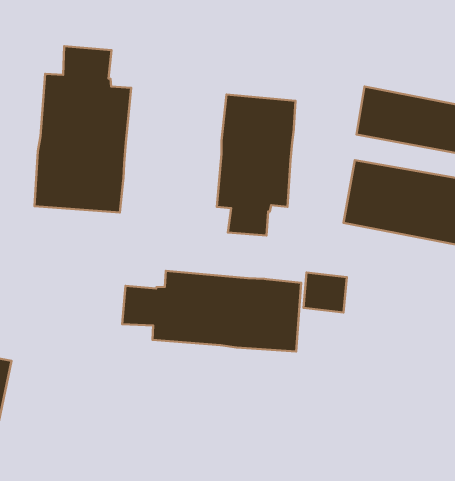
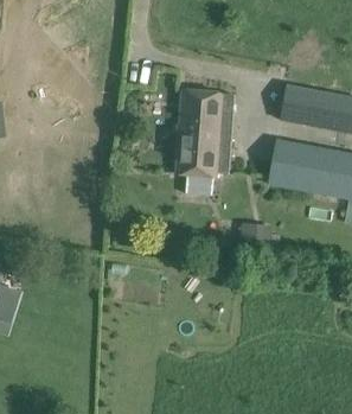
building: [35,46,131,212] -> none
building: [122,271,301,352] -> none

